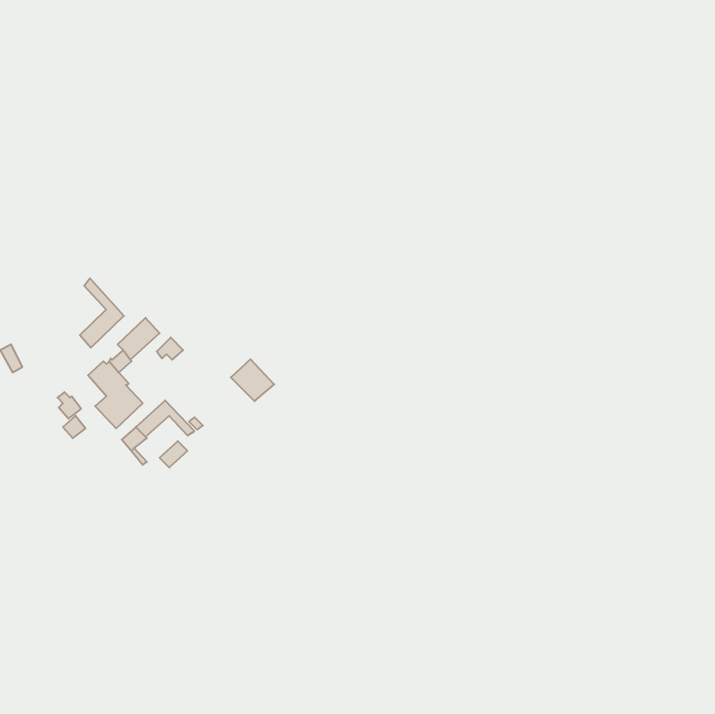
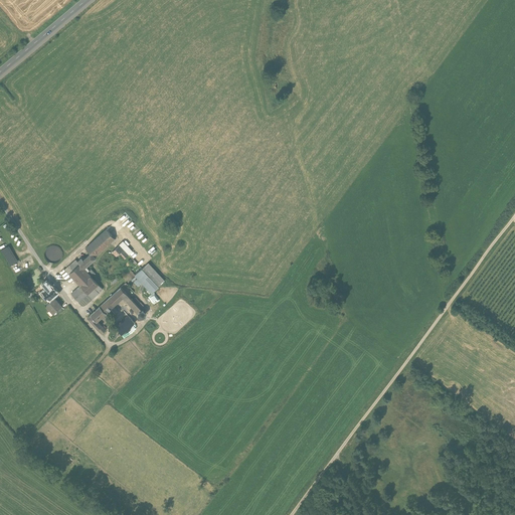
building: [80,278,124,348] -> none
building: [231,359,274,401] -> [134,263,165,293]

